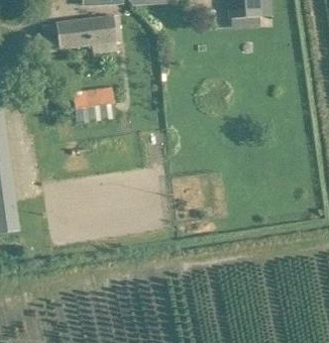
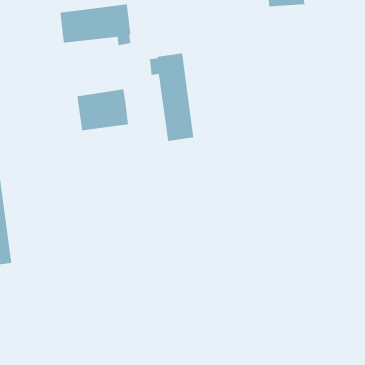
building: none -> [149,53,194,142]

